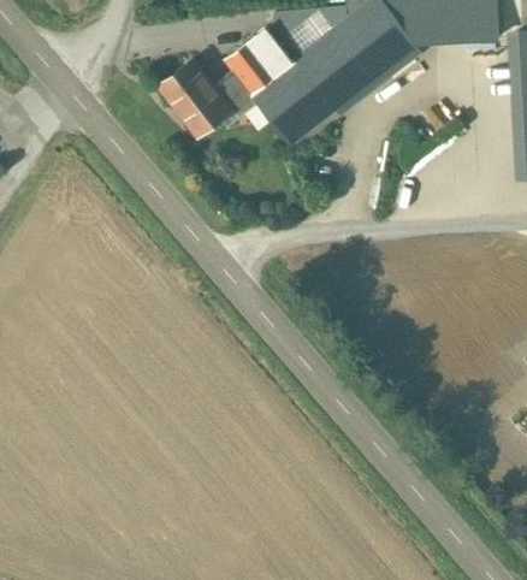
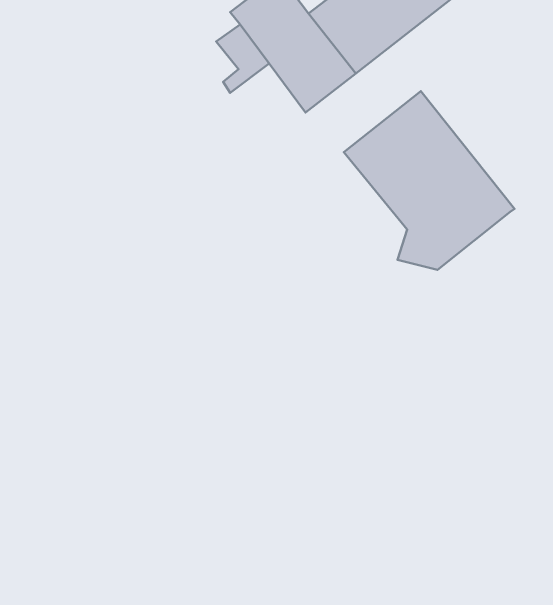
building: [158,60,231,137] -> none
building: none -> [344,91,515,270]

